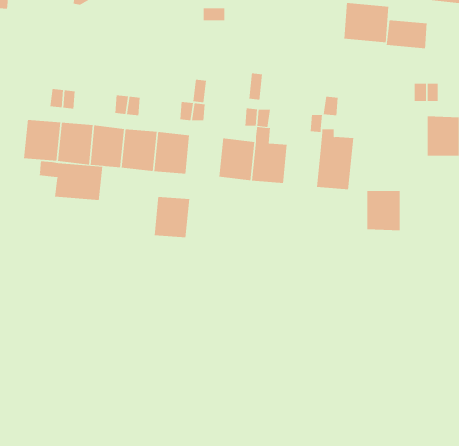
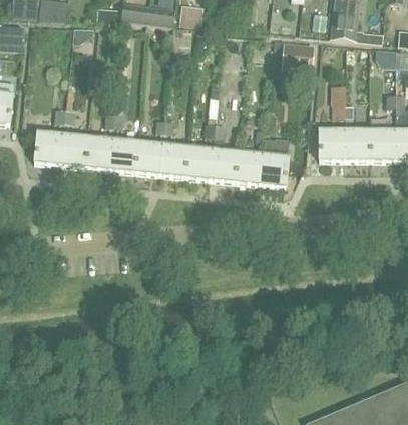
building: [386,19,427,49] -> none
building: none -> [235,151,263,184]
building: [39,161,103,201] -> none
building: [367,191,400,231] -> [319,129,345,160]
building: [154,196,190,238] -> [159,144,187,176]

